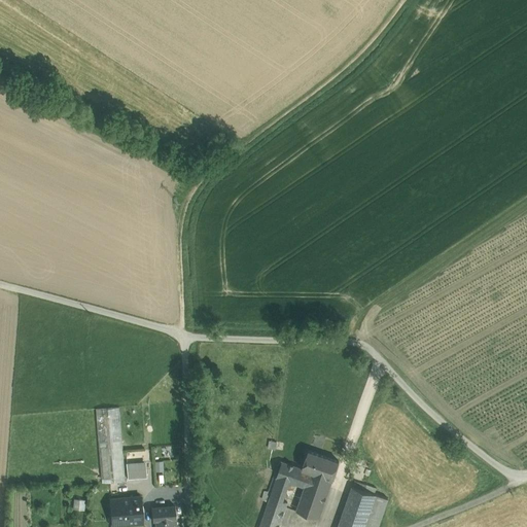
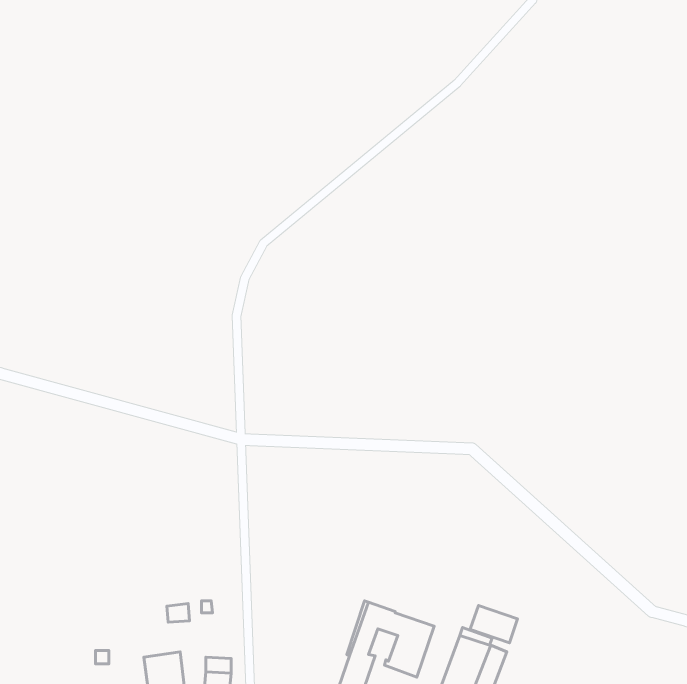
building: [96,410,125,485] -> none
building: [303,453,339,482] -> [471,605,518,643]

